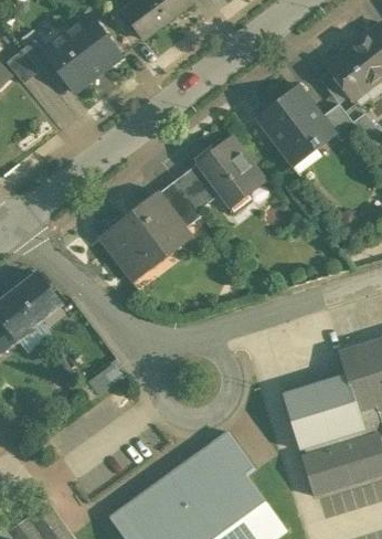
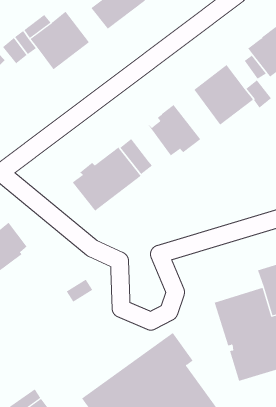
building: [174,165,219,210] -> none
building: [15,273,61,320] -> none

